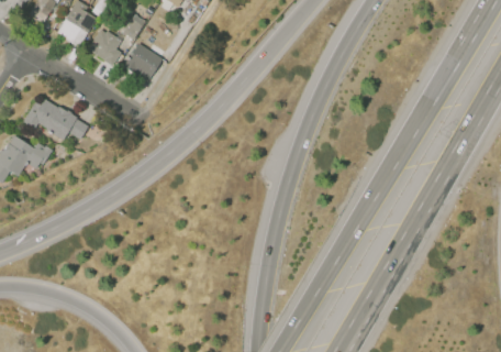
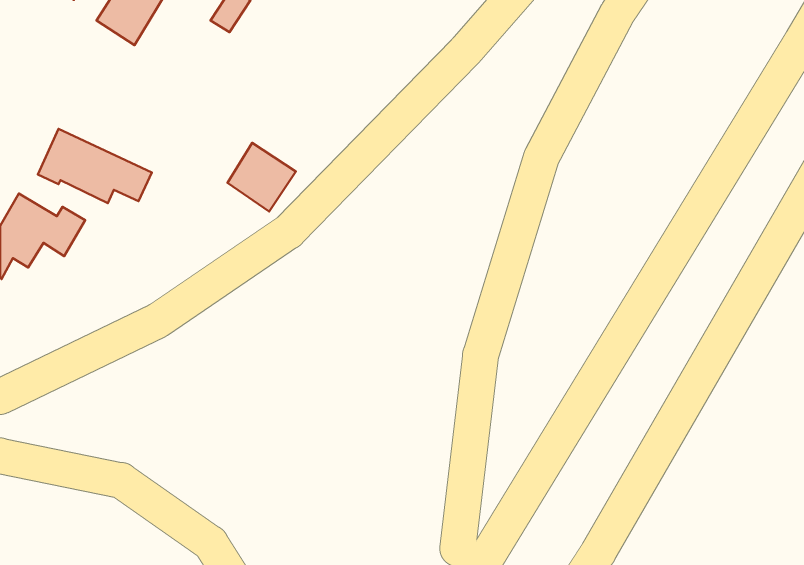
building: [87,30,124,66] -> none
building: [123,43,163,82] -> [227,143,296,211]

